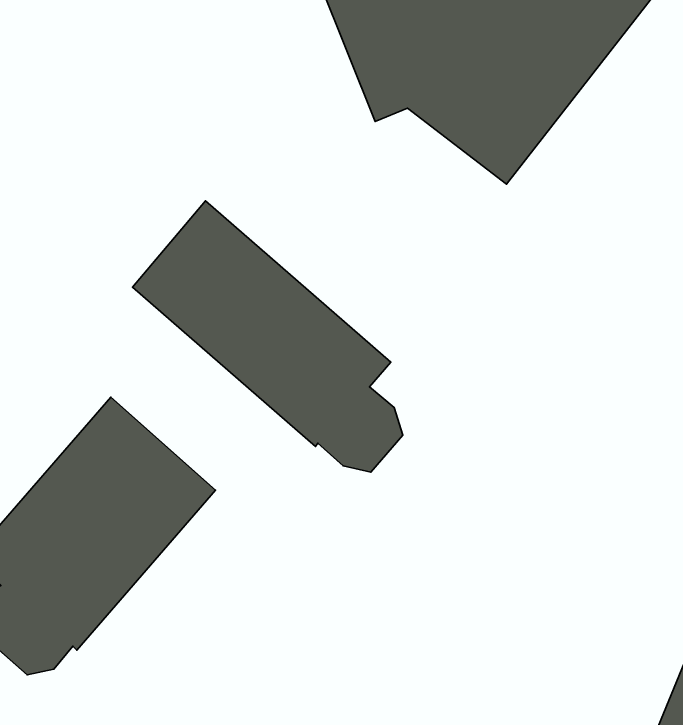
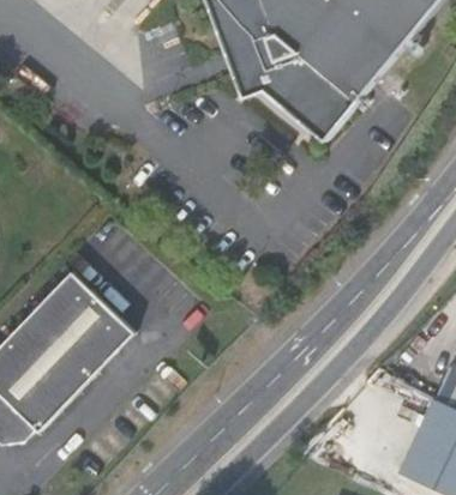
building: [133,201,403,472] -> none

